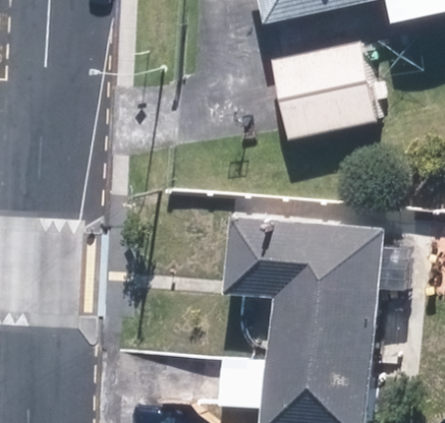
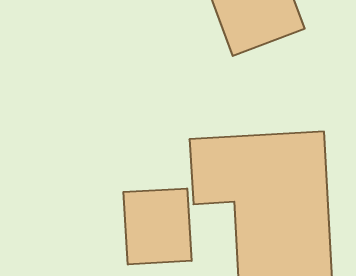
building: none -> [123,188,192,265]

